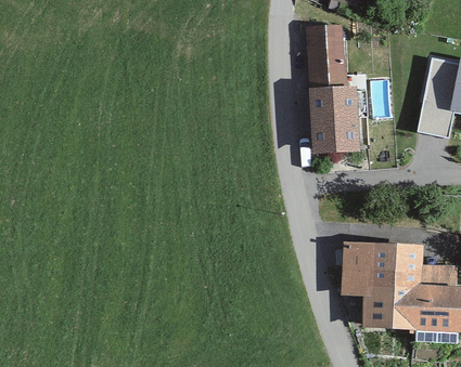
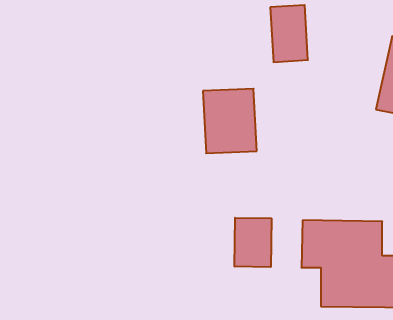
building: [305,90,359,155] -> [203,89,257,153]
building: none -> [235,218,271,267]

